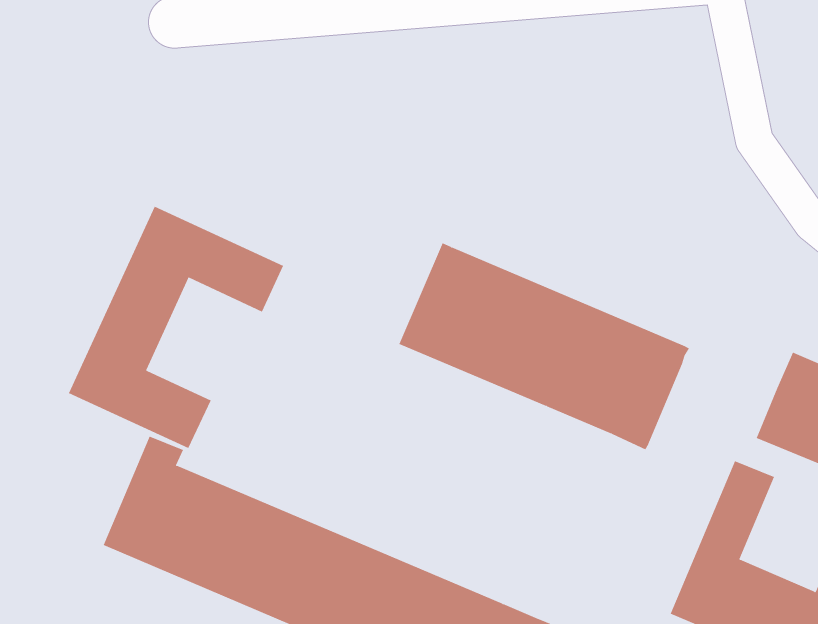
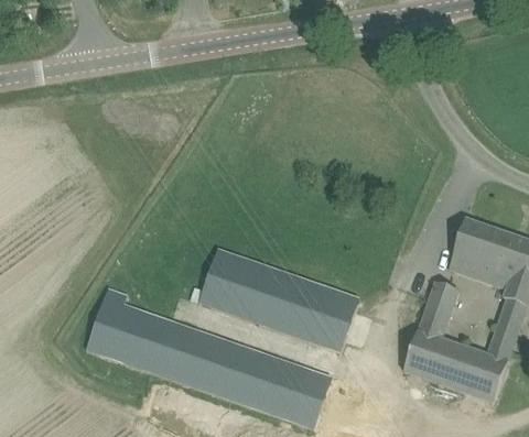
building: [68,206,284,449] -> none
building: [398,242,690,450] -> [196,245,359,354]

